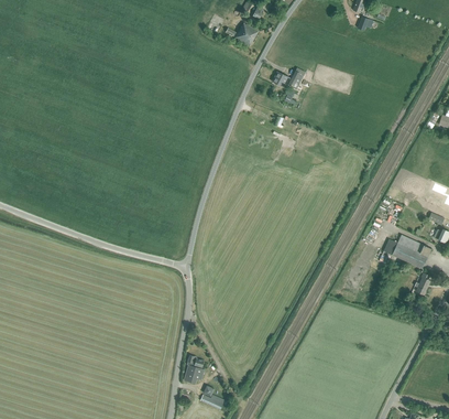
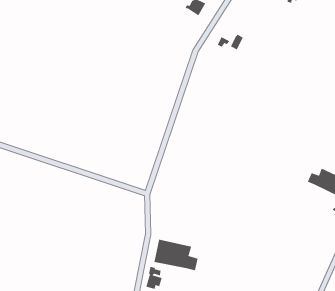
building: none -> [154,239,198,272]

